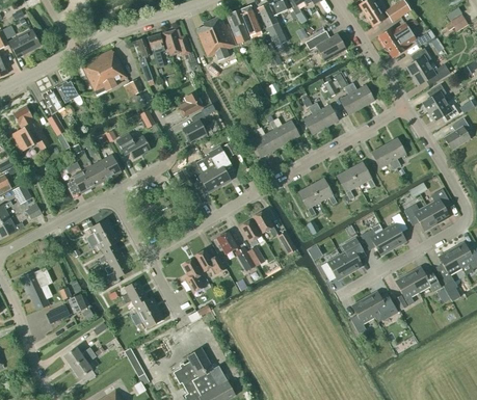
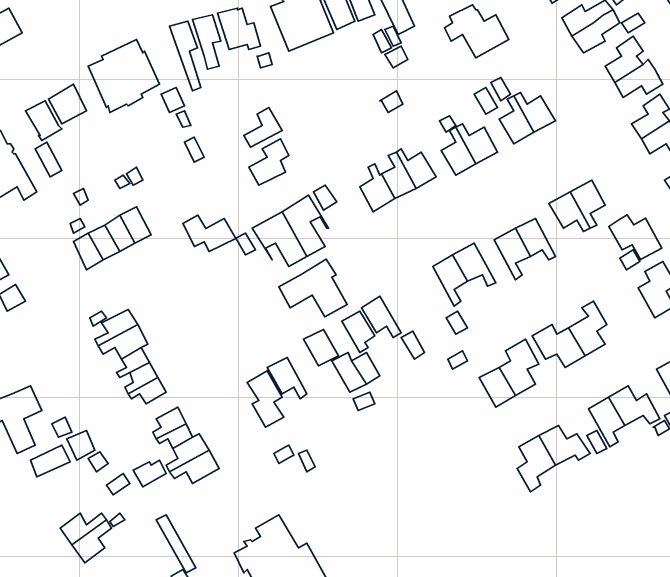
building: [116,134,150,157] -> [183,215,236,252]
building: none -> [279,259,347,317]
building: [403,203,436,231] -> [609,215,662,260]

